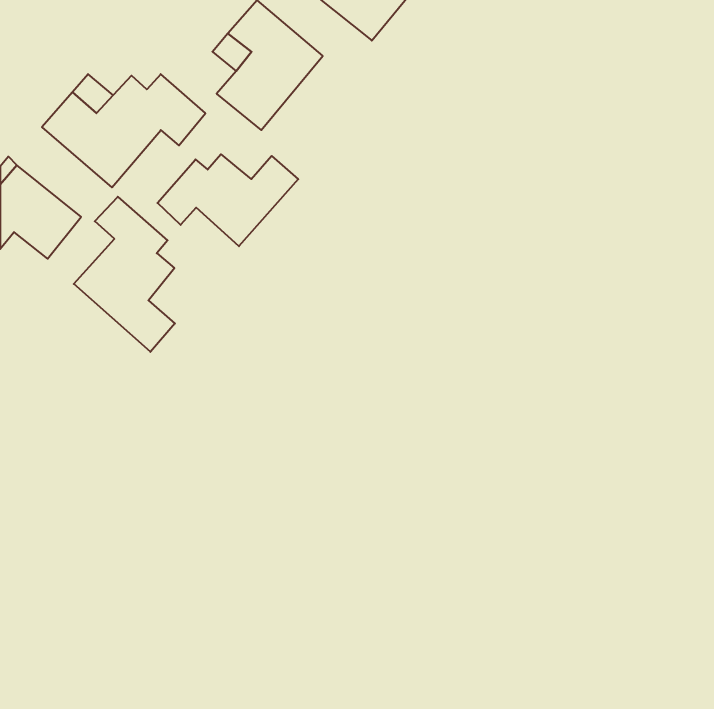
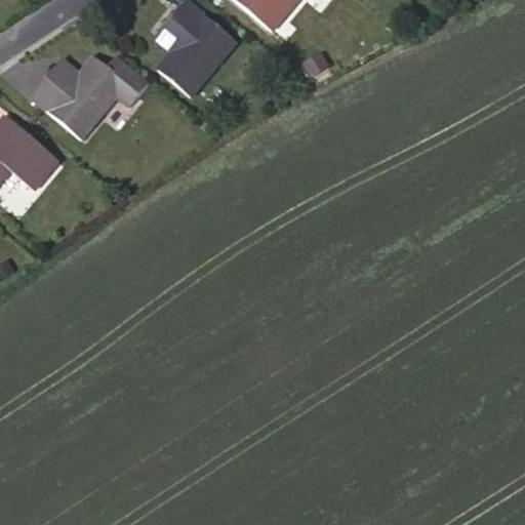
building: [157,154,298,246] -> none
building: [74,197,175,352] -> none

